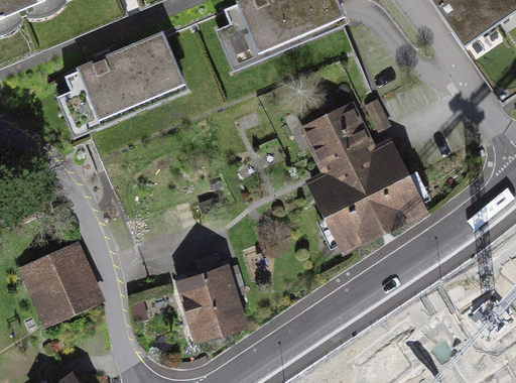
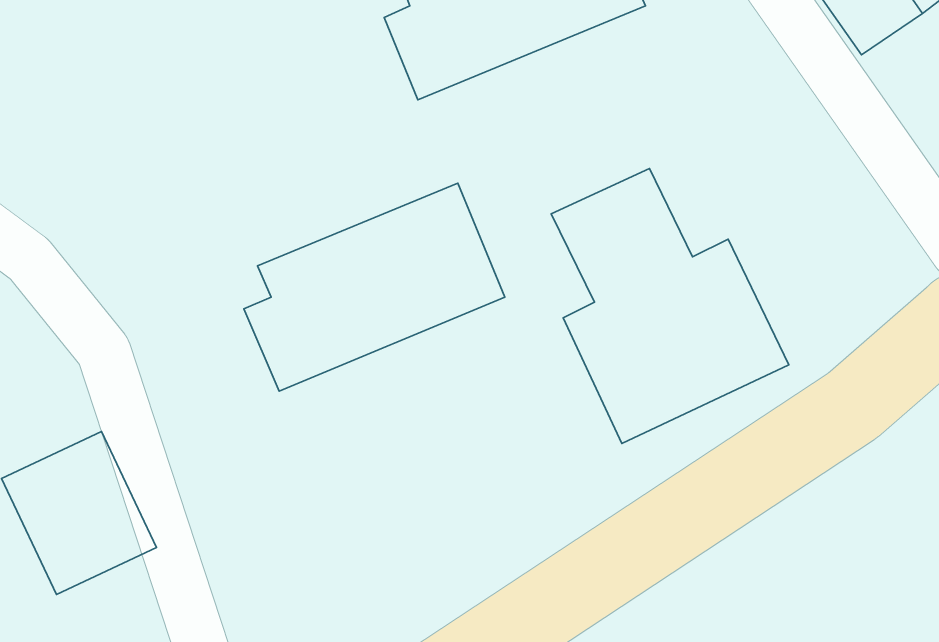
building: [56,30,190,137] -> [244,183,505,391]
building: [176,261,242,334] -> none

